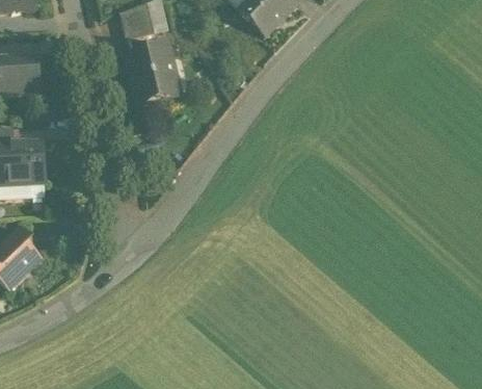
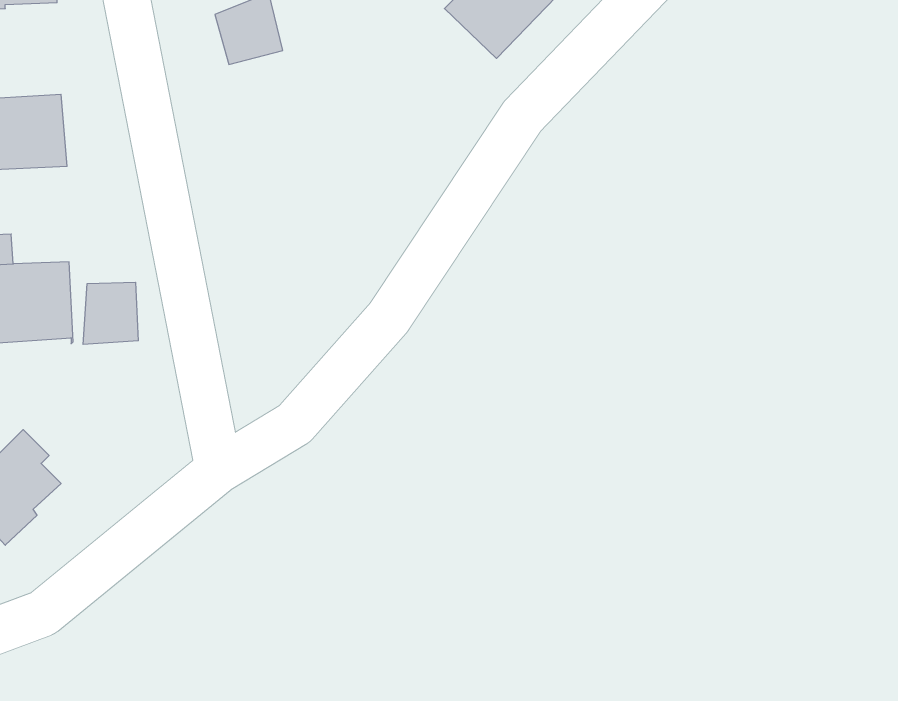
building: [127,47,179,101] -> none
building: none -> [83,282,138,344]

